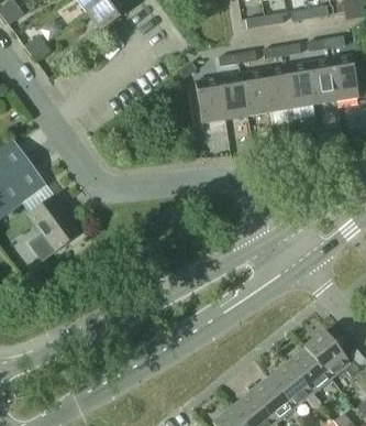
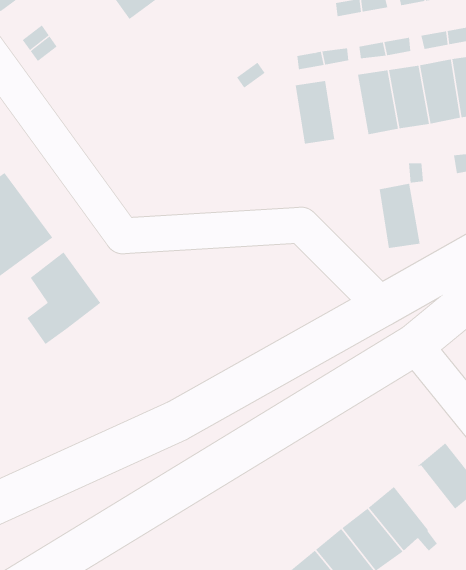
building: [240,69,269,116] -> [379,183,421,248]
building: [195,77,224,123] -> none
building: [288,347,334,394] -> none

